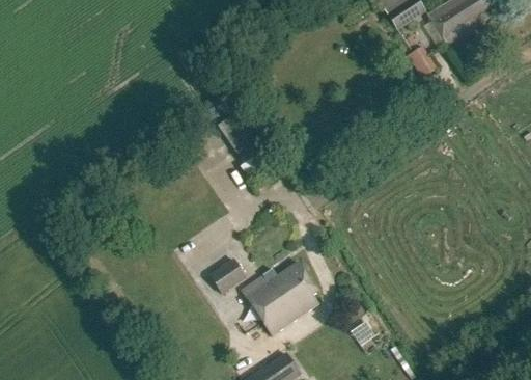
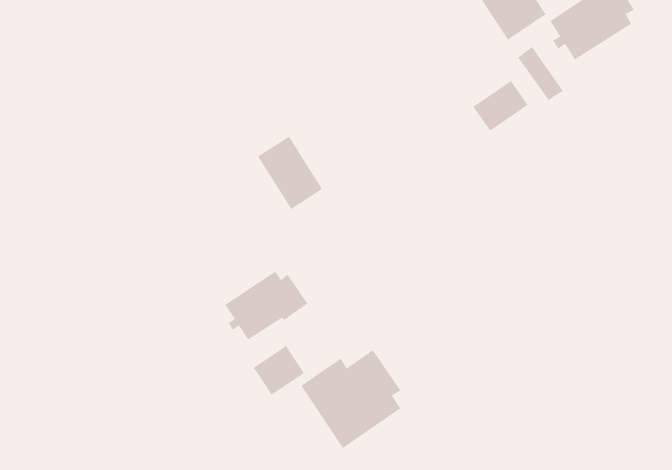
building: none -> [473,80,529,131]
building: none -> [225,271,308,340]

